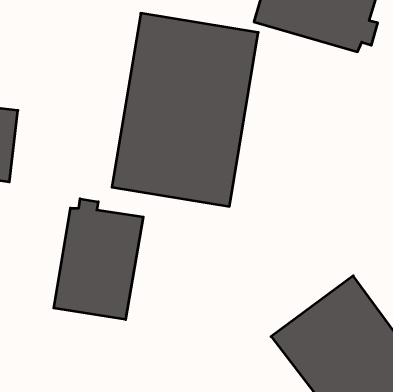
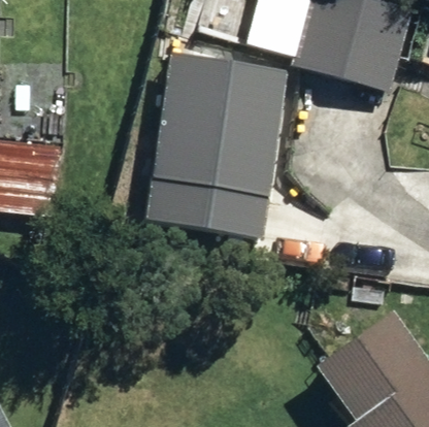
building: [54,199,143,320] -> none

